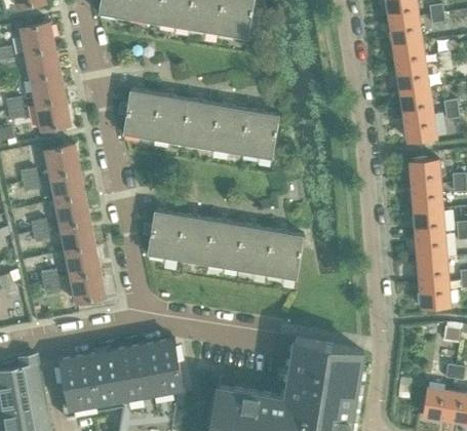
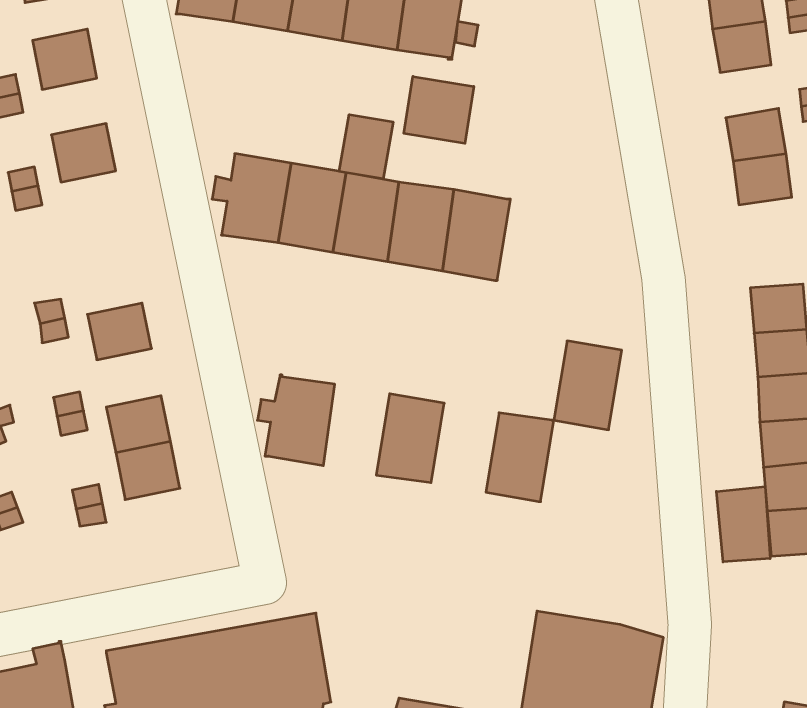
building: [393,42,425,71] -> none
building: none -> [404,76,474,143]
building: [25,49,60,80] -> none
building: none -> [339,115,393,179]
building: [35,100,70,130] -> none
building: [403,114,436,143] -> none
building: [44,145,79,178] -> none
building: [54,196,89,228] -> none
building: [178,216,213,265] -> none
building: [236,226,273,274] -> [554,341,622,430]
building: none -> [716,487,770,562]
building: [70,272,105,303] -> none

